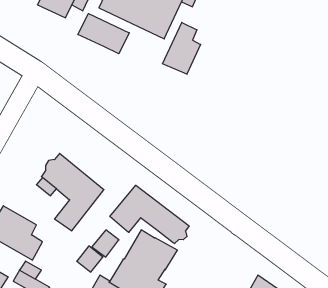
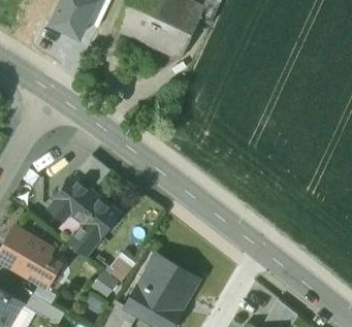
building: [78,14,129,54] -> none
building: [162,22,201,74] -> none
building: [110,185,189,244] -> none

